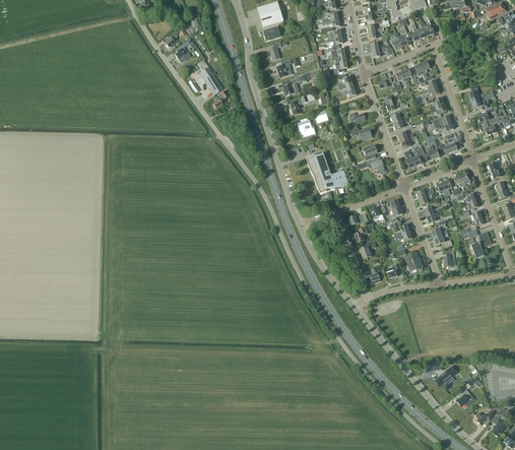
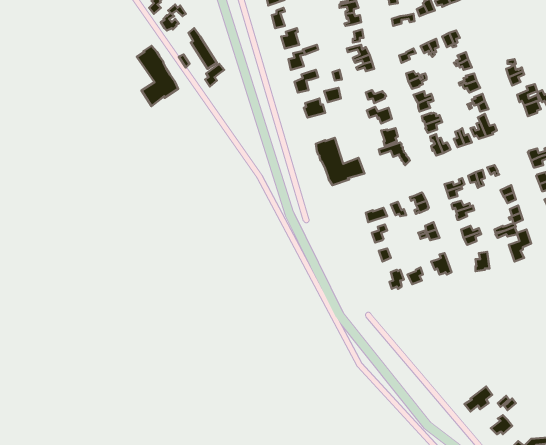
building: none -> [137,46,178,106]

